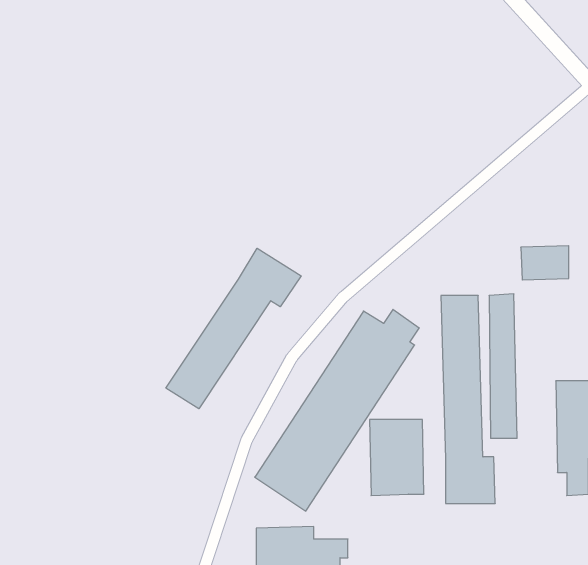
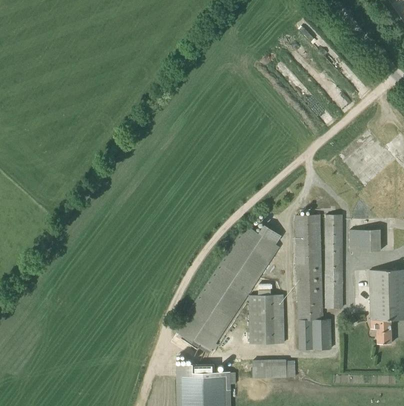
building: [521,246,569,280] -> [349,229,380,251]
building: [166,248,301,409] -> none
building: none -> [252,359,295,378]

